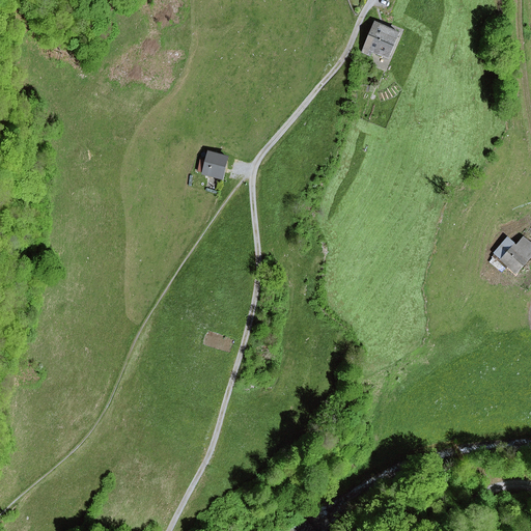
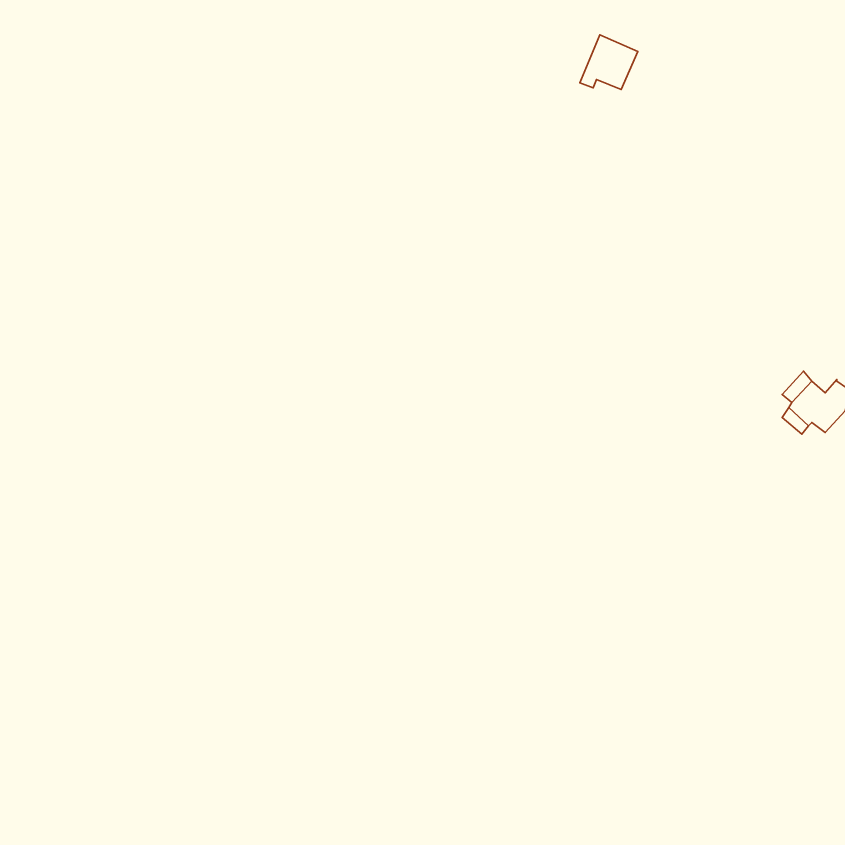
building: [195,151,227,176] -> none

